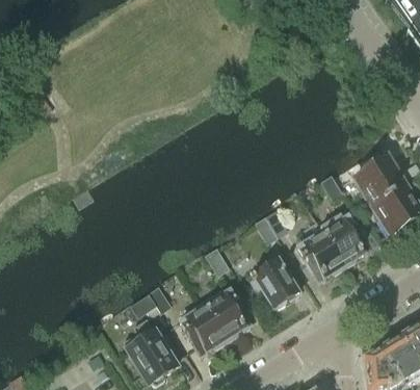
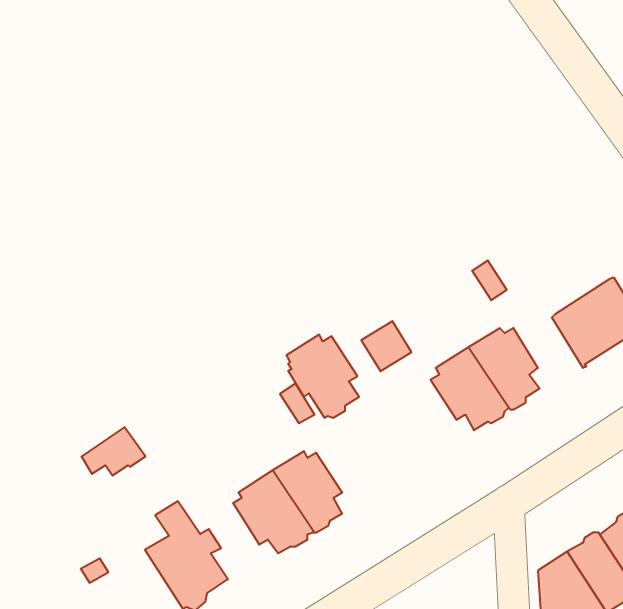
building: [347,146,405,207] -> none
building: [251,258,294,308] -> [286,335,359,418]
building: [132,287,170,316] -> [81,427,145,476]

